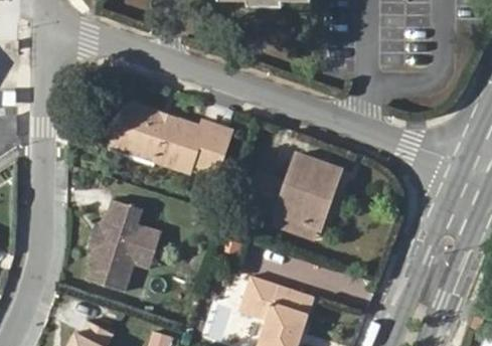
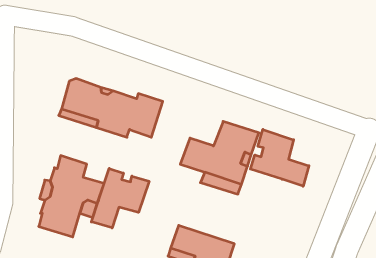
building: none -> [250,129,309,186]
building: none -> [91,168,149,228]

